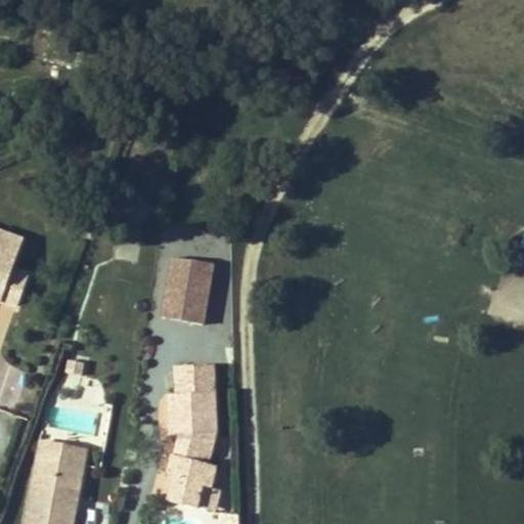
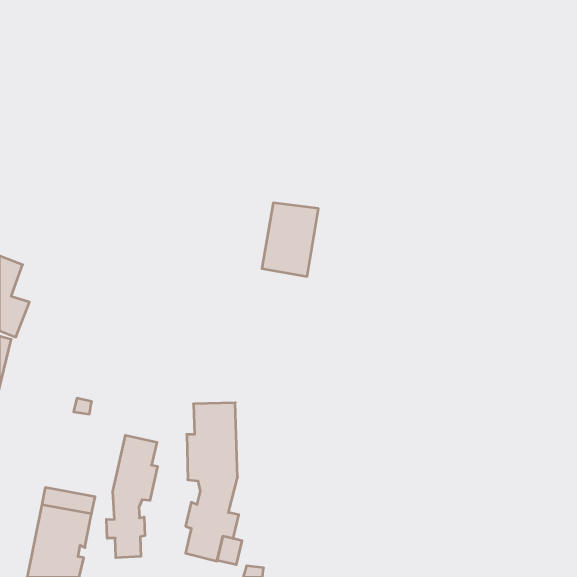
building: [162,258,213,324] -> [262,203,318,276]
building: none -> [106,435,157,558]

